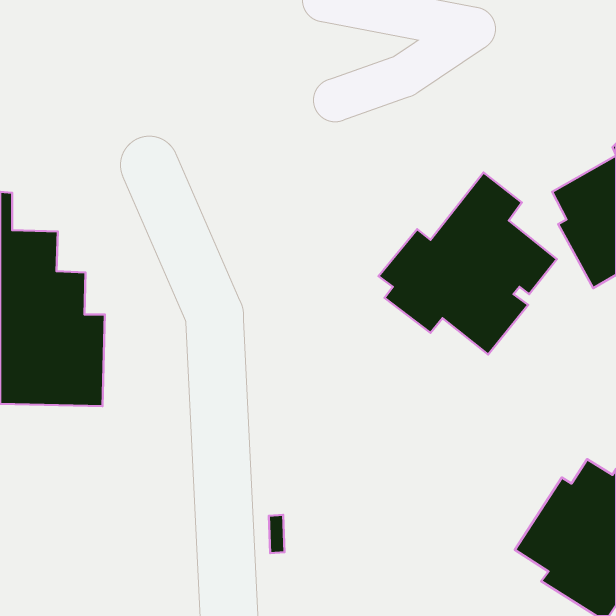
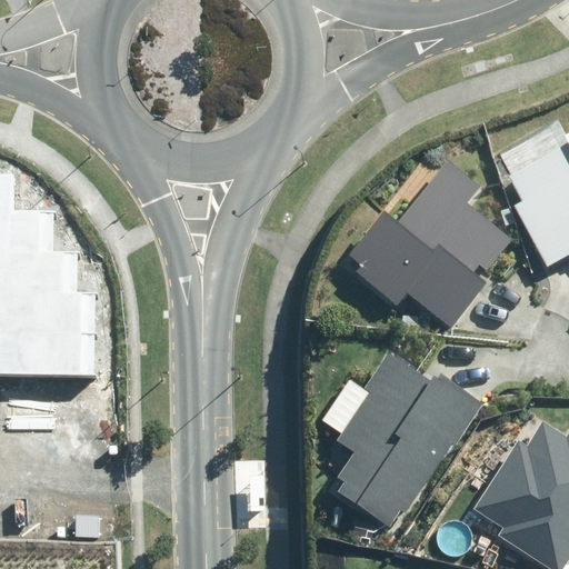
building: none -> [322,352,485,530]

